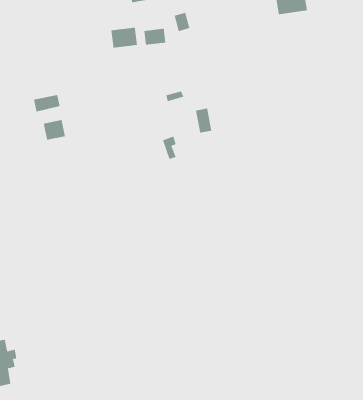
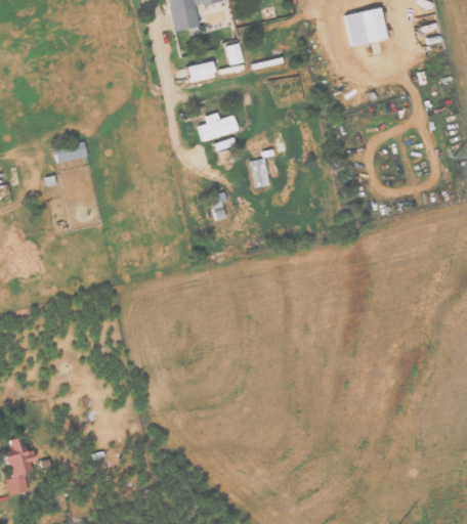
building: [111,27,138,48] -> none
building: none -> [200,112,239,141]
building: [43,119,65,141] -> none

